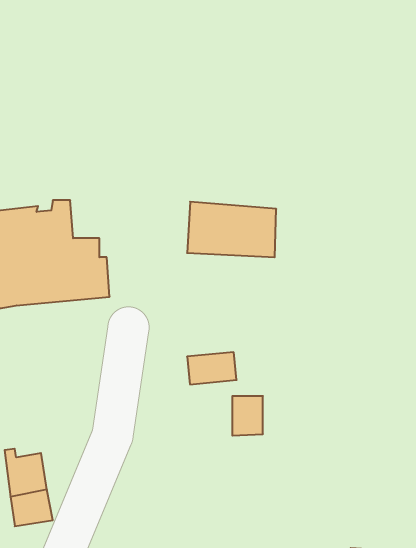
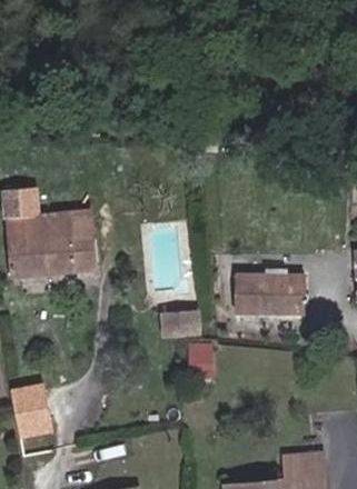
building: [187,202,276,257] -> [234,278,301,320]

